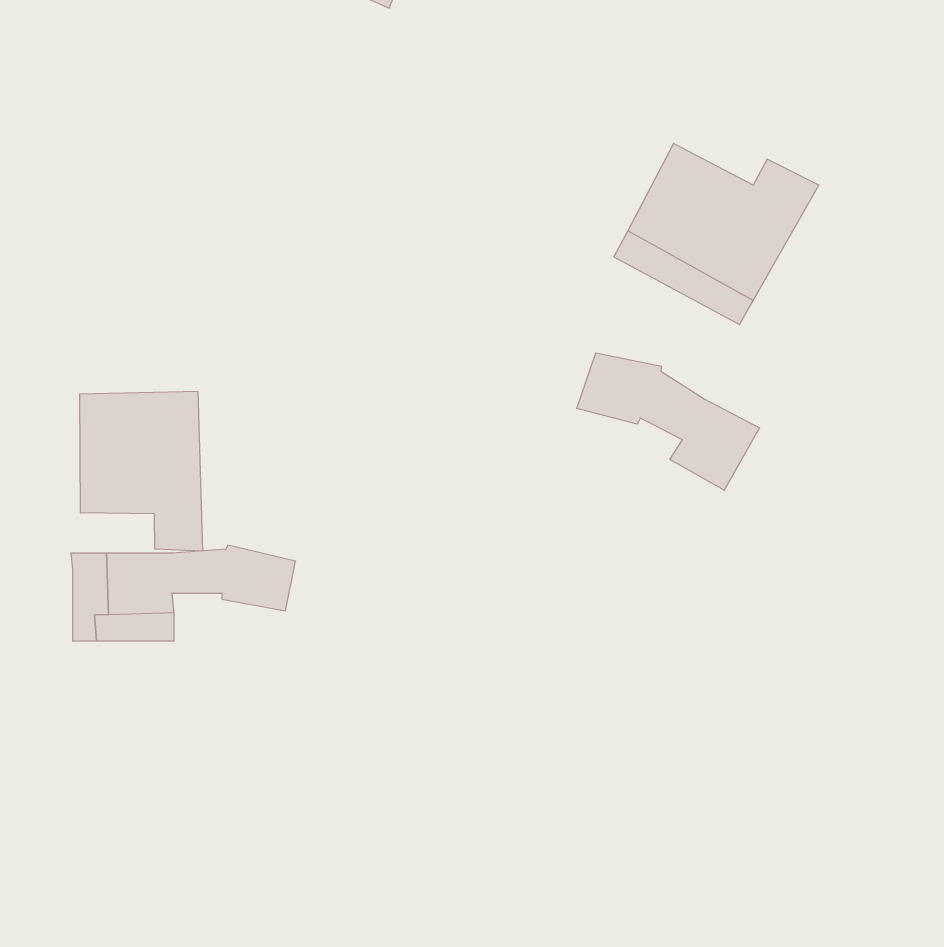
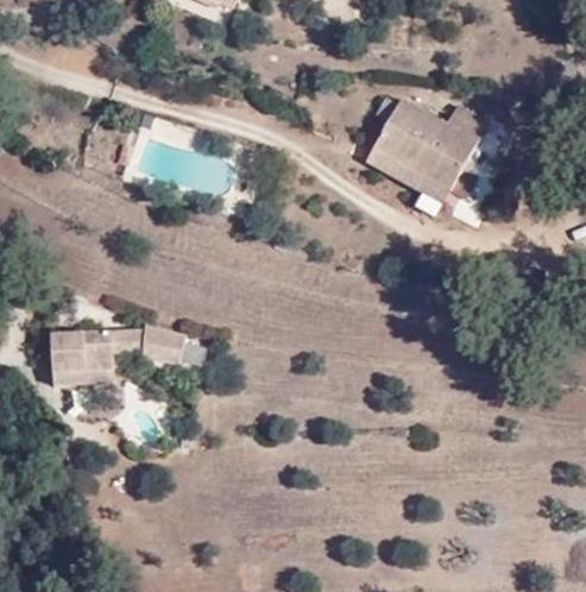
building: [577,353,760,490] -> none
building: [80,391,202,551] -> none

